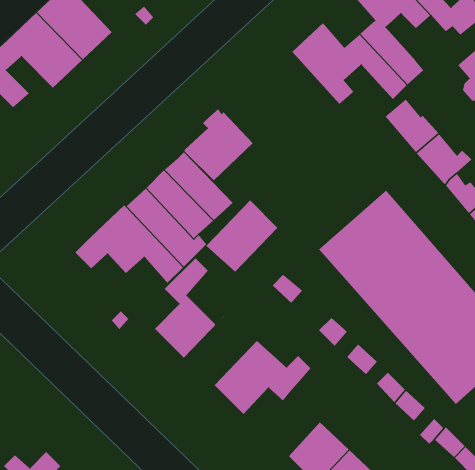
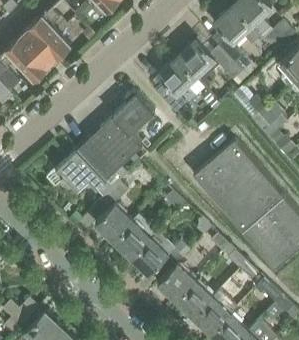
building: none -> [156,58,196,113]
building: [205,200,278,272] -> [112,215,156,259]
building: none -> [157,264,194,302]

